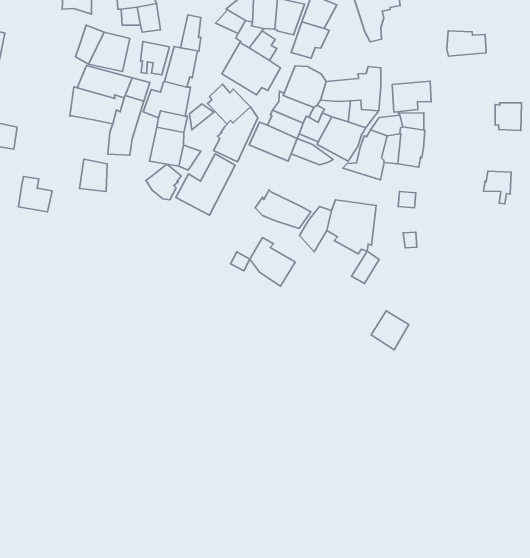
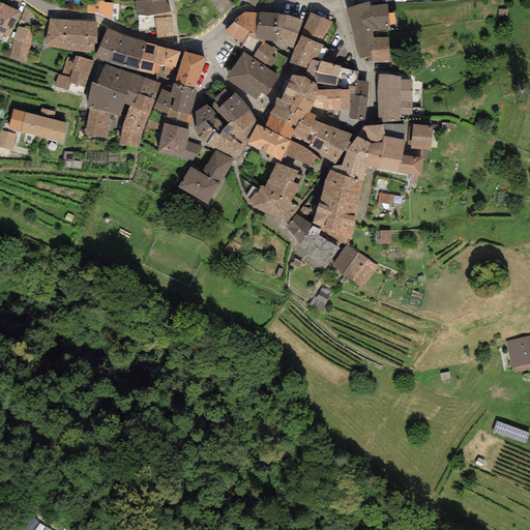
building: [181,15,201,51] -> [137,41,156,75]
building: none -> [371,36,389,61]
building: none -> [45,18,96,52]
building: [447,31,486,56] -> [377,73,412,96]
building: none -> [303,59,358,90]
building: none -> [54,55,93,89]
building: [495,103,522,131] -> [408,124,433,150]
building: [80,159,107,191] -> [84,108,110,138]
building: none -> [264,161,300,201]
building: [146,164,181,200] -> [194,114,226,146]
building: none -> [321,169,362,204]
building: [483,171,511,204] -> [398,154,423,184]
building: [18,176,52,212] -> [35,108,66,141]
building: [250,238,295,286] -> [299,224,340,268]
building: [371,311,409,350] -> [343,253,377,288]

